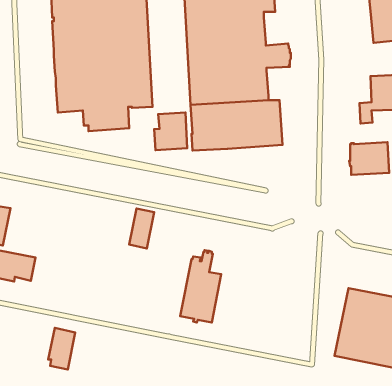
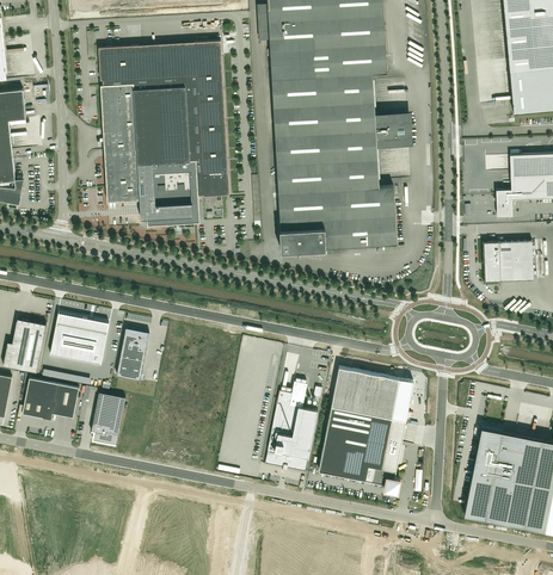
building: [154,112,187,150] -> none
building: none -> [50,313,110,364]
building: [129,208,154,248] -> [117,328,149,379]
building: none -> [319,366,413,491]
building: [48,328,75,370] -> [91,391,125,445]

